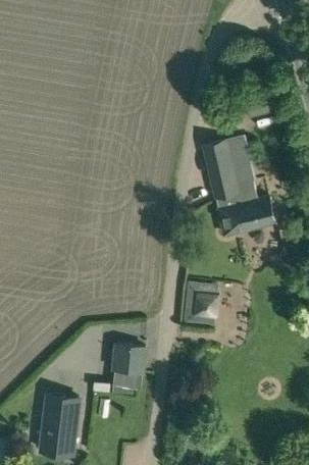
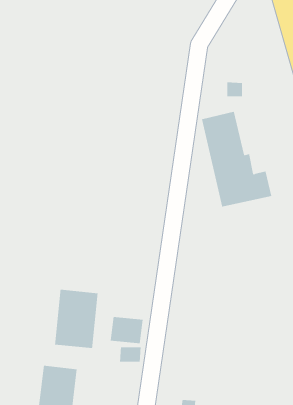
building: [193,293,219,318] -> none
building: none -> [54,289,98,349]

